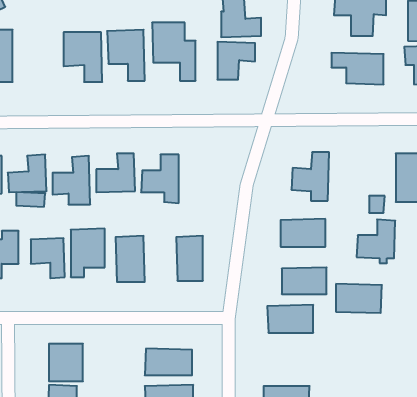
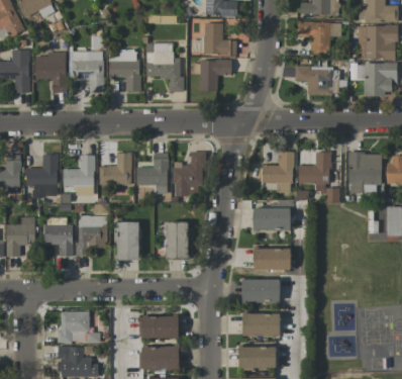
building: none -> [34,54,67,93]
building: none -> [174,152,203,195]
building: [357,219,395,263] -> [298,152,330,188]
building: [336,284,382,313] -> [242,312,281,337]

